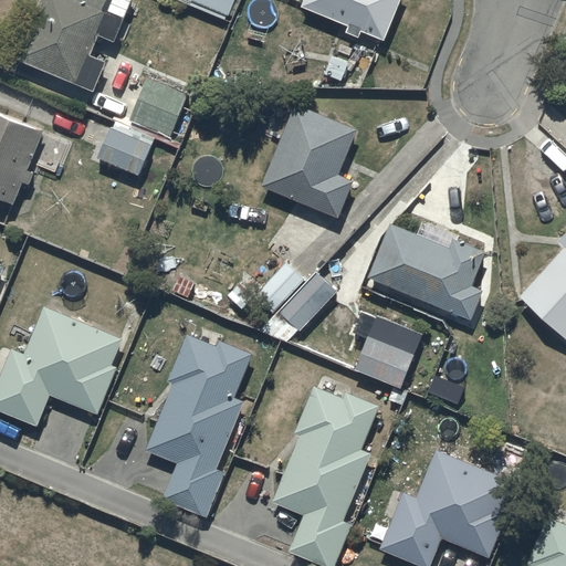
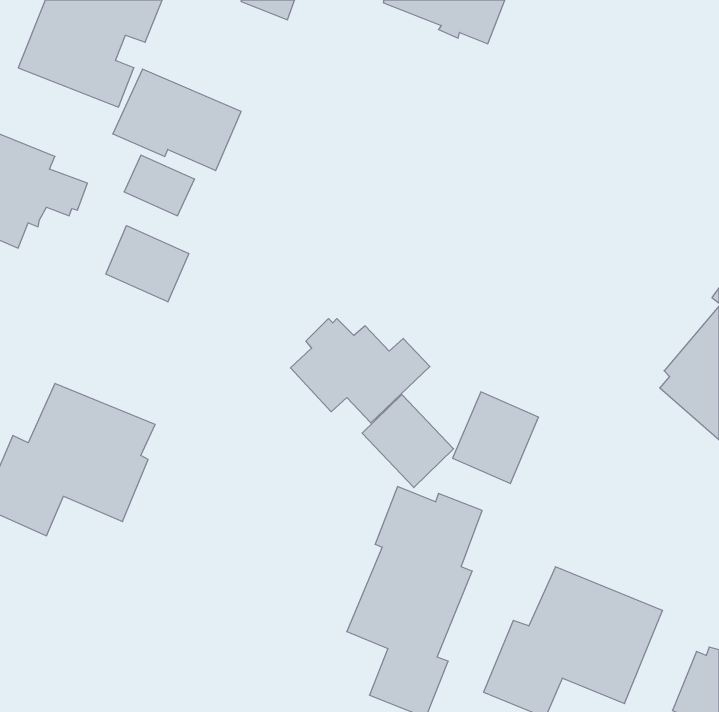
building: [261,104,357,217] -> none
building: none -> [106,226,189,302]
building: [368,222,485,321] -> none
building: none -> [362,394,454,488]
building: [147,332,252,523] -> none

